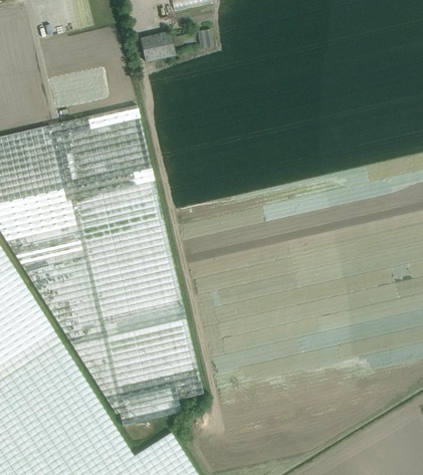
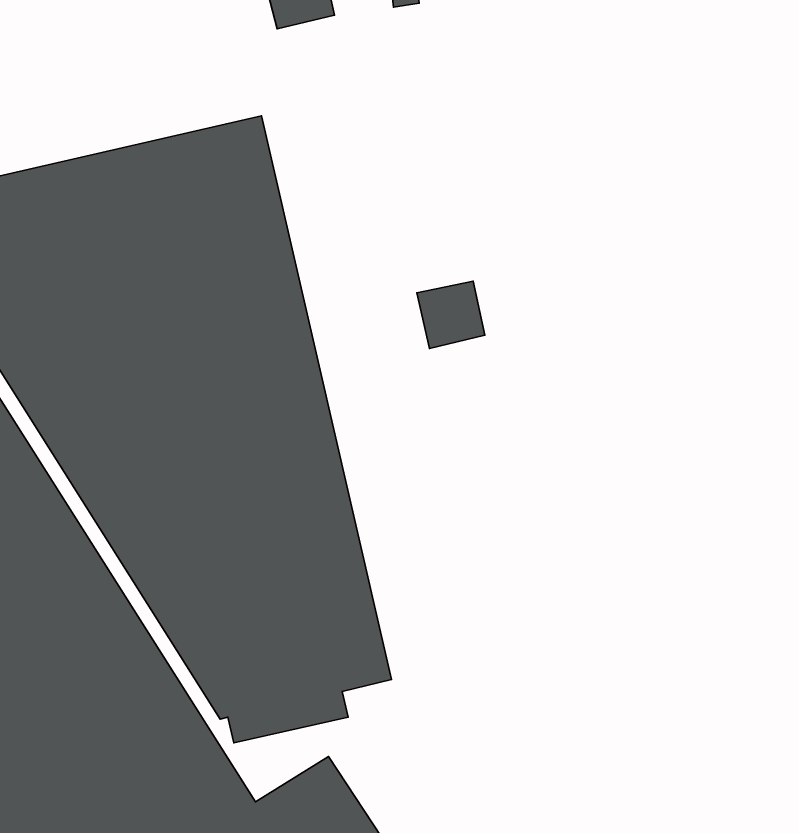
building: none -> [417,281,485,349]

